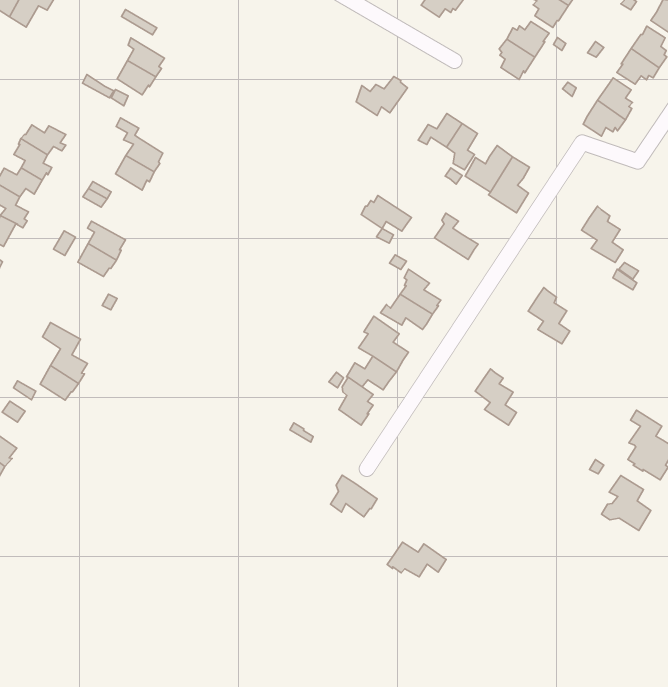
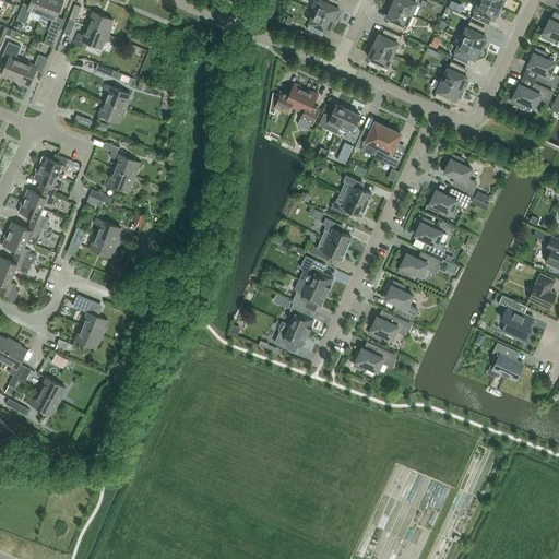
building: none -> [296,90,318,124]
building: [361,196,411,231] -> [331,193,367,216]
building: none -> [428,189,469,213]
building: none -> [399,252,440,276]
building: none -> [369,316,411,340]
building: [330,475,377,517] -> [275,321,308,348]
building: [387,542,446,577] -> [354,347,395,371]

